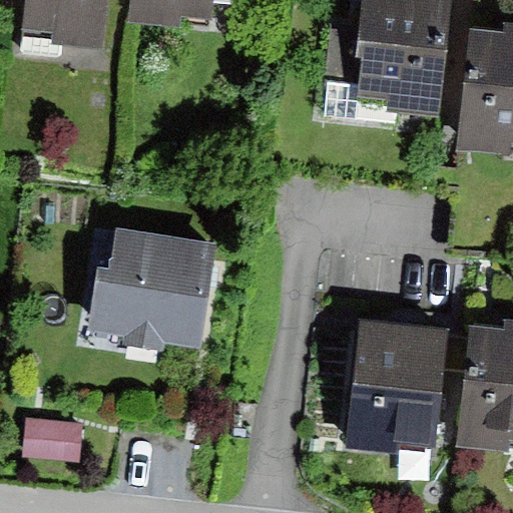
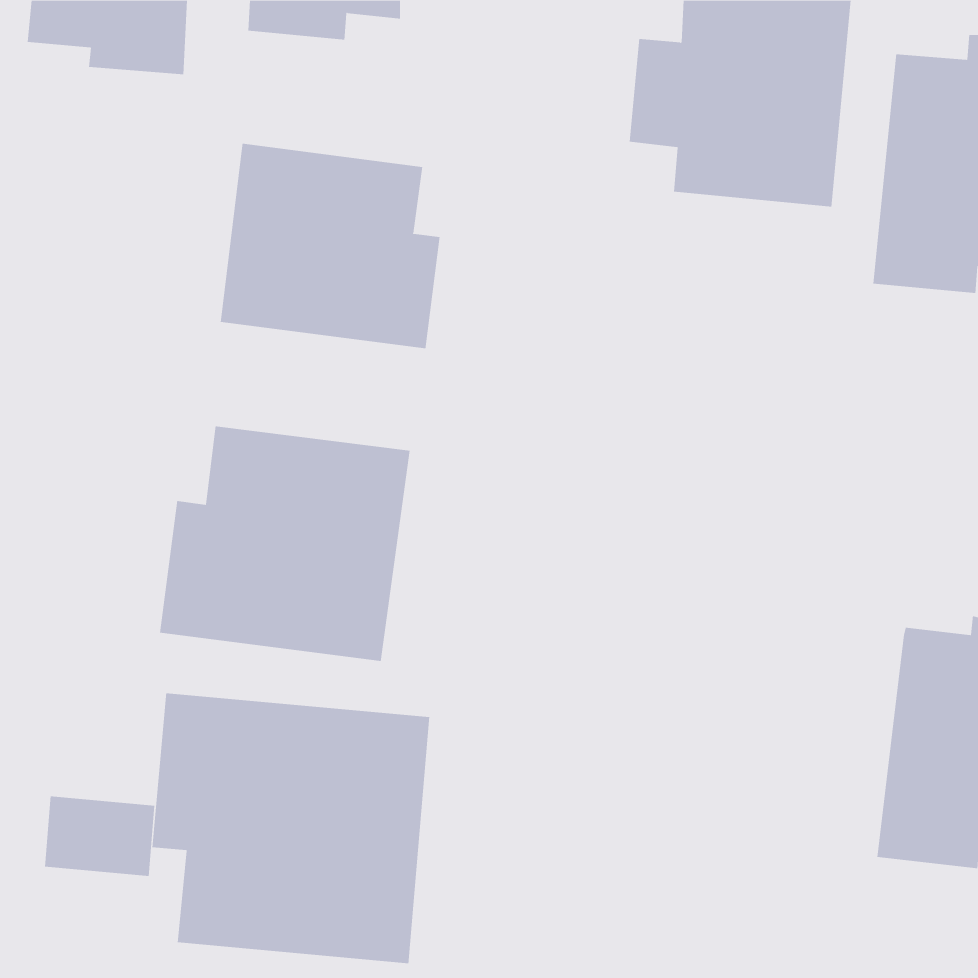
building: none -> [220,143,440,349]
building: [348,320,473,454] -> none
building: none -> [152,693,430,964]

